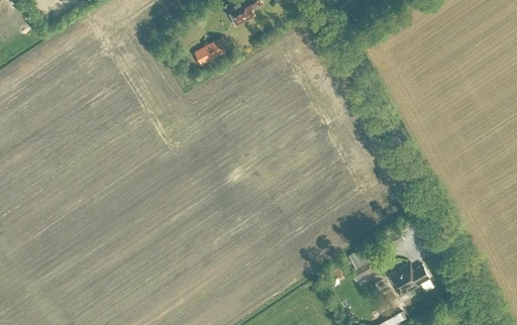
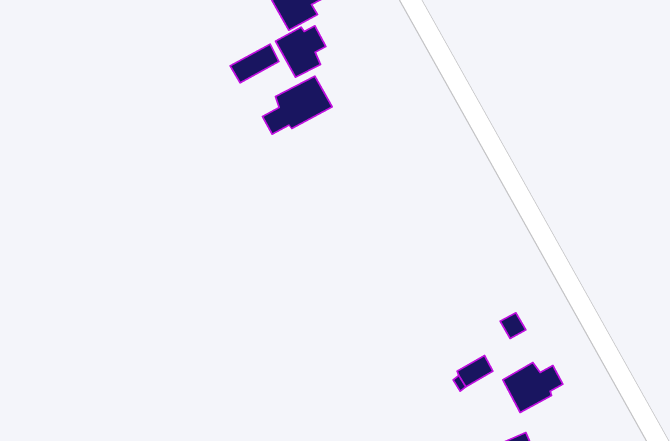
building: none -> [275,26,326,77]
building: none -> [263,76,332,134]

